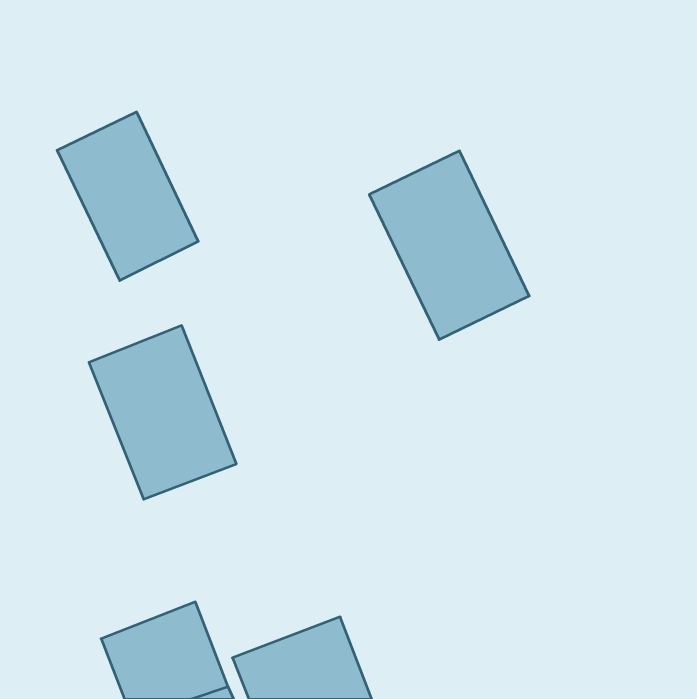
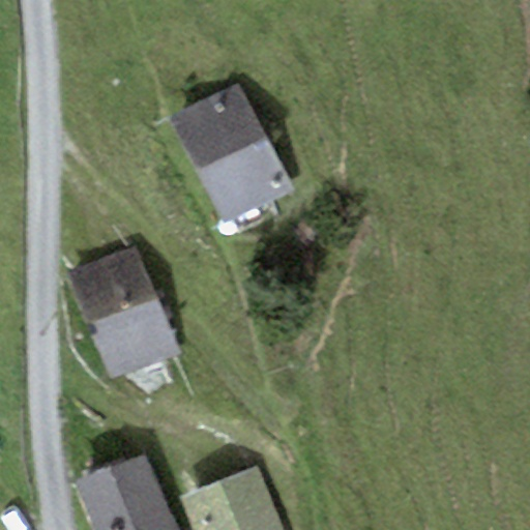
building: [57,112,198,281] -> none
building: [369,151,529,340] -> [170,87,291,230]

